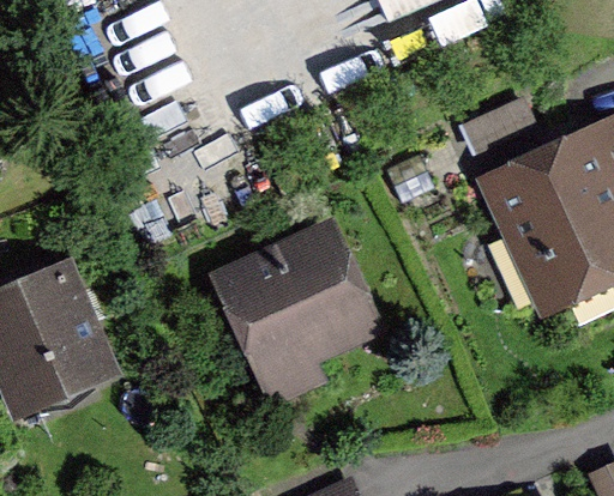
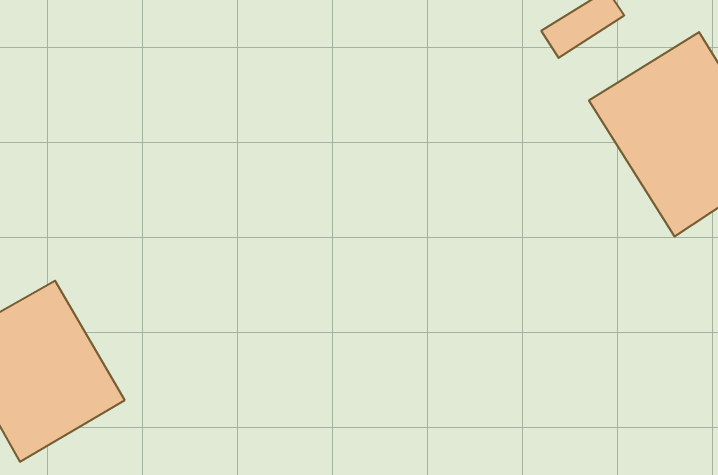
building: [228,237,367,370] -> none

